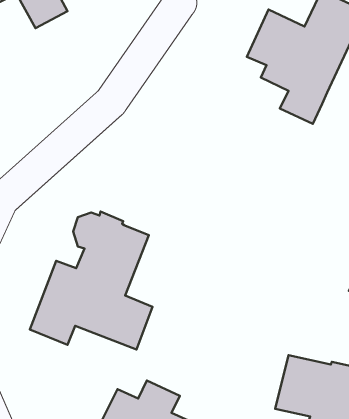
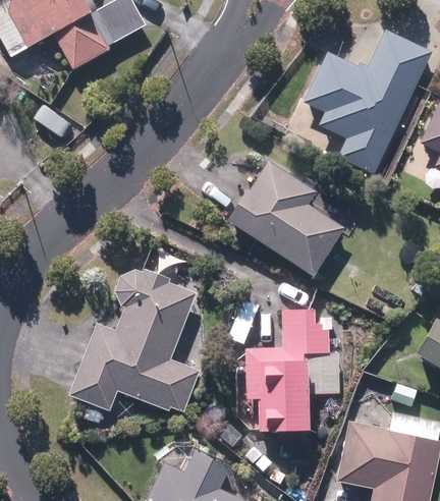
building: none -> [227,161,344,278]
building: none -> [244,310,331,433]

